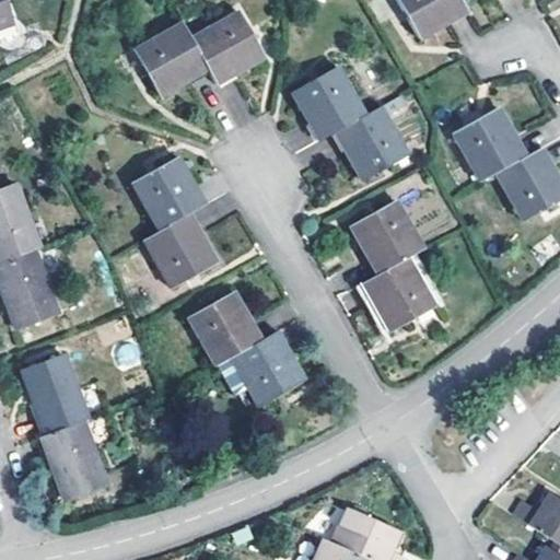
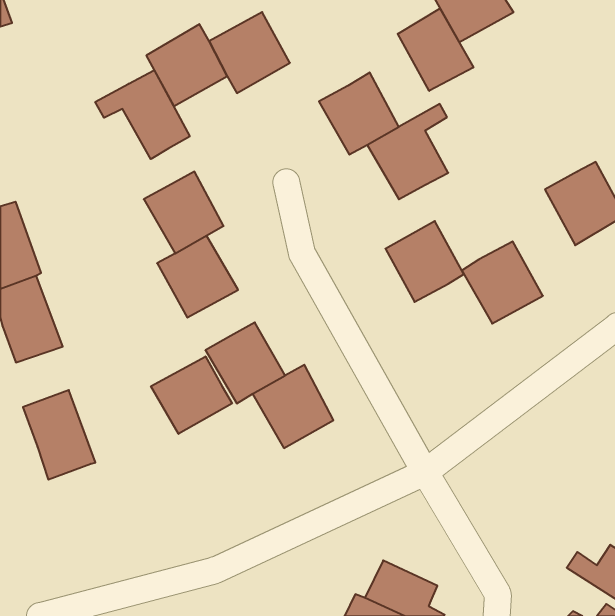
building: none -> [398,9,473,91]
building: none -> [95,70,190,159]
building: [452,106,525,182] -> none
building: [362,257,435,331] -> [462,241,543,324]
building: none -> [151,356,232,434]
building: [43,420,107,501] -> none

